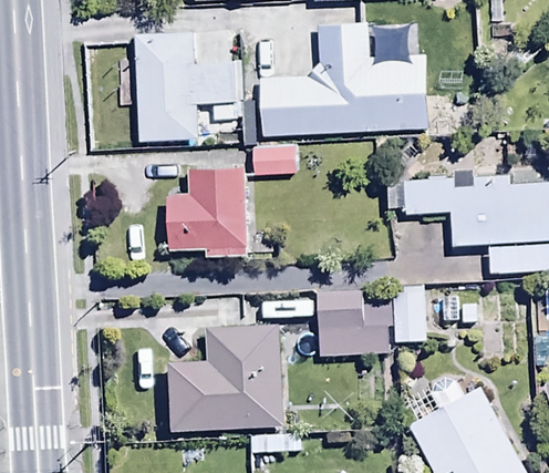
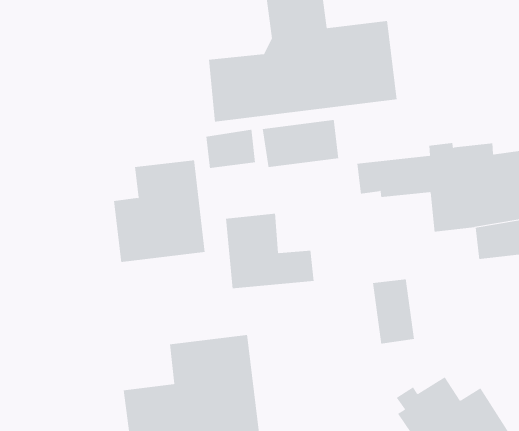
building: [133,30,240,140] -> none
building: none -> [262,119,339,168]
building: [315,292,391,357] -> [225,213,315,289]

